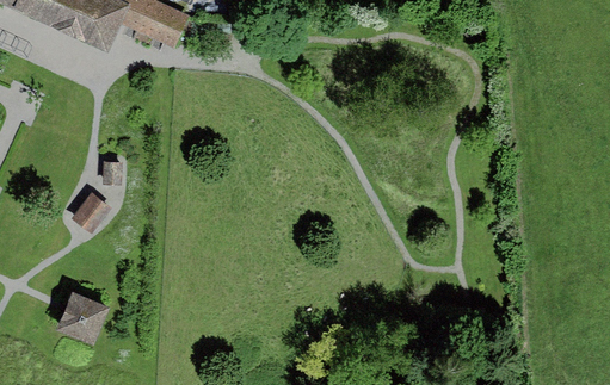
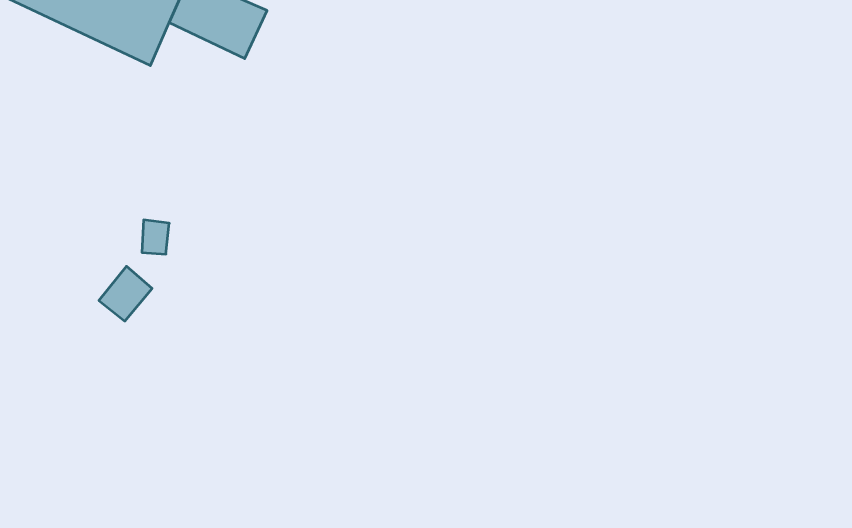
building: [56,290,107,342] -> none

